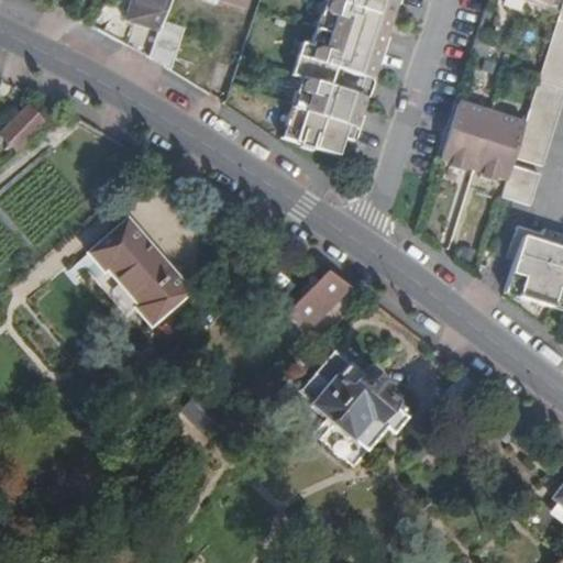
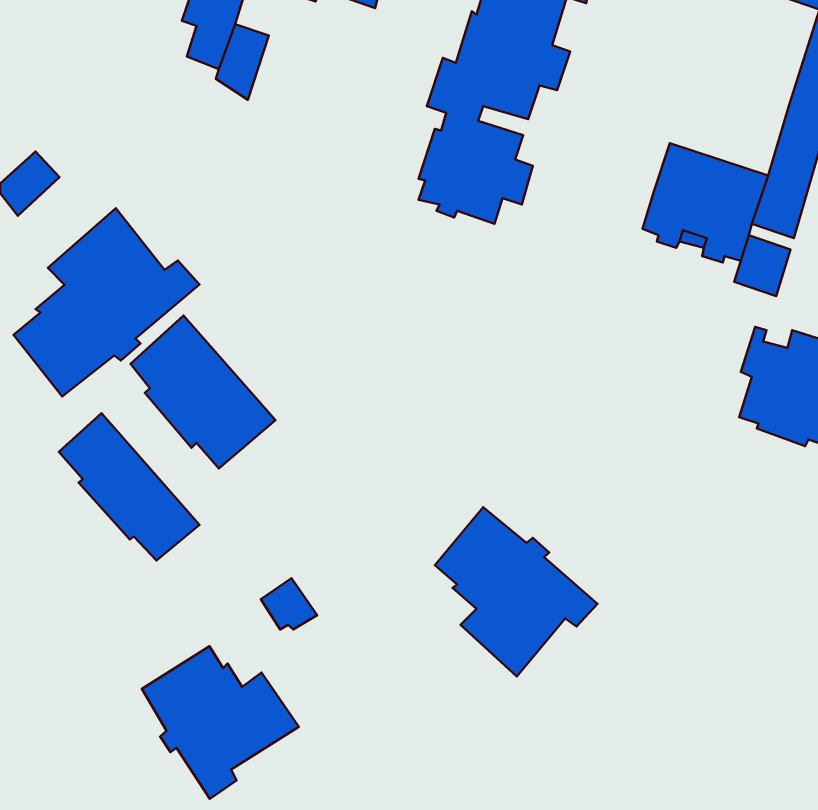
building: none -> [13,208,199,397]
building: [287,269,350,327] -> none
building: none -> [59,413,199,560]
building: none -> [142,646,299,799]

